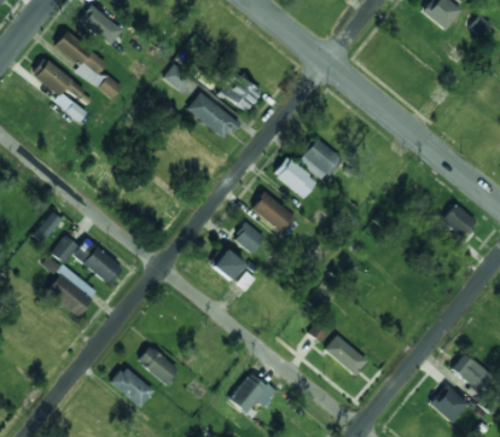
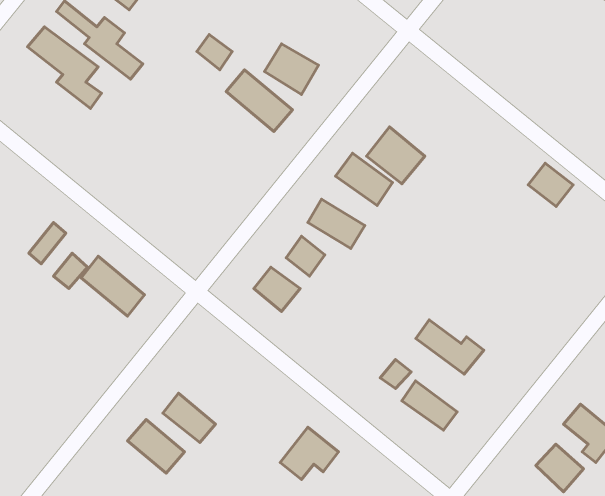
building: [442,204,477,238] -> [528,163,573,206]
building: [45,267,98,316] -> none
building: none -> [416,320,484,374]

